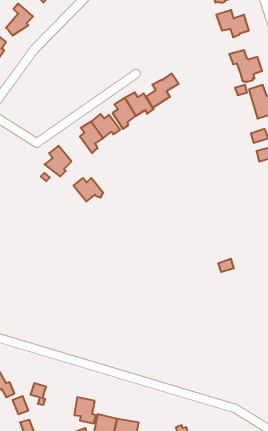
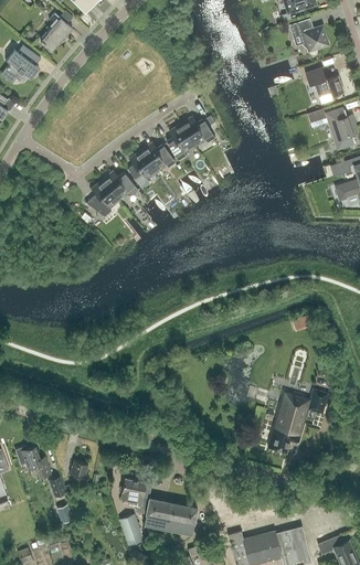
building: [147,74,179,108] -> none
building: [73,178,103,201] -> [103,172,138,200]
building: none -> [267,391,327,454]

